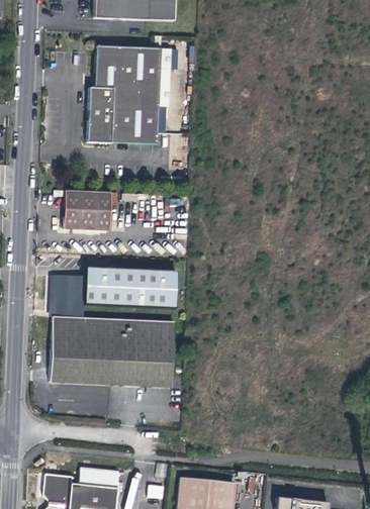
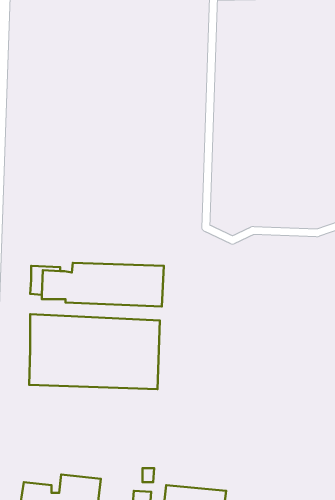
building: [86,35,171,147] -> none
building: [64,190,111,229] -> none

